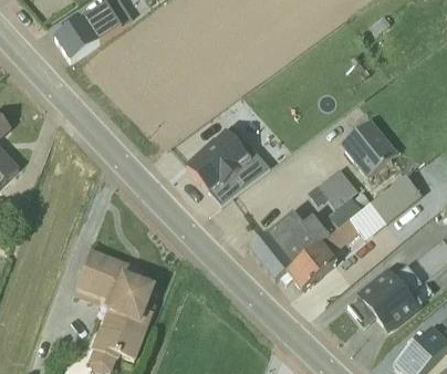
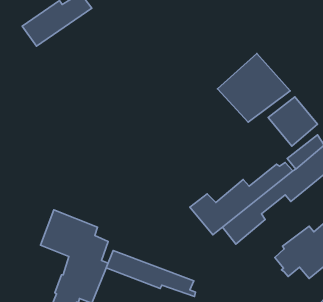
building: [186,125,270,205] -> [218,54,290,122]
building: [309,169,356,207] -> none
building: none -> [106,250,196,296]

